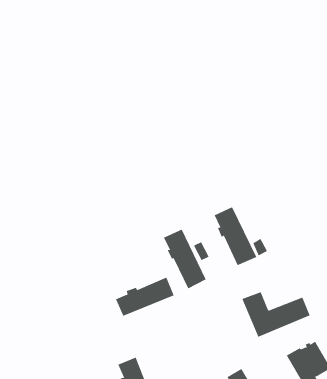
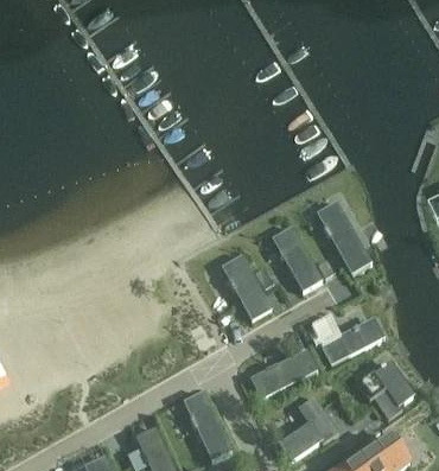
building: none -> [318,202,373,272]
building: [115,277,174,317] -> [255,350,317,395]

